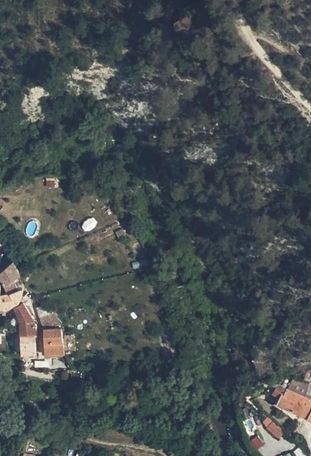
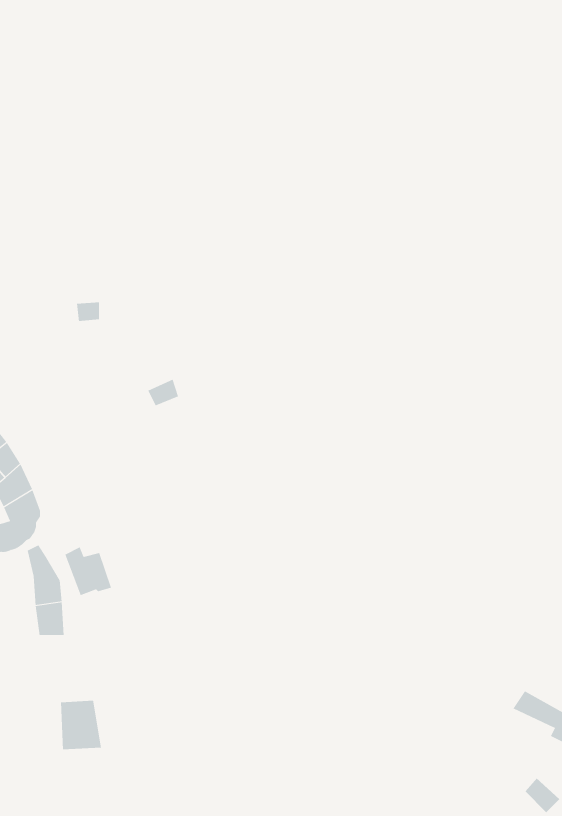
building: [42,331,63,356] -> [60,700,102,750]

